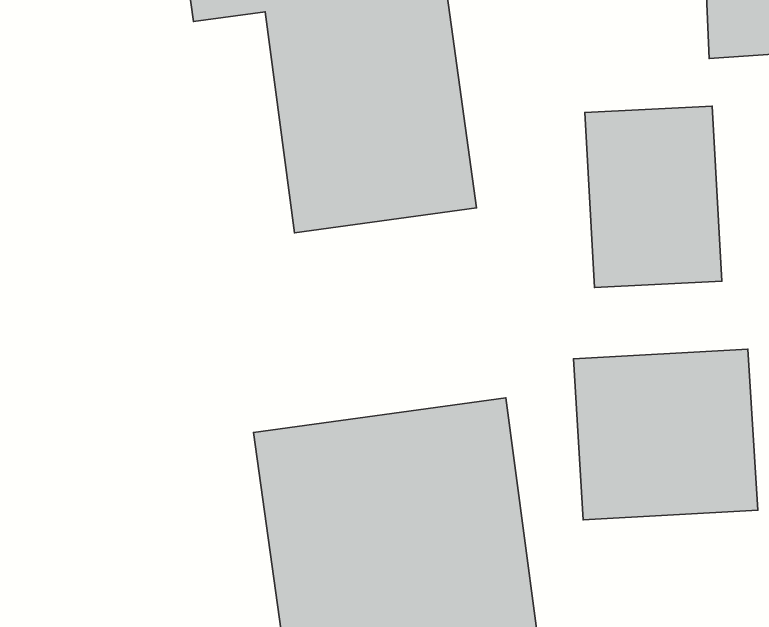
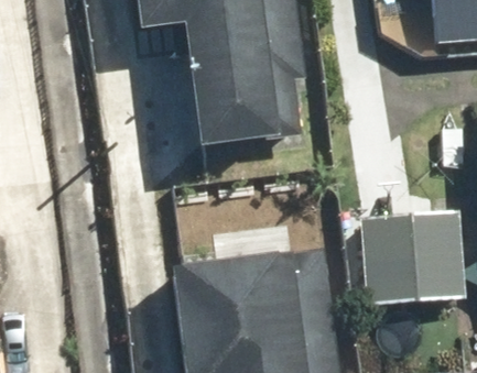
building: [585,106,722,287] -> none

